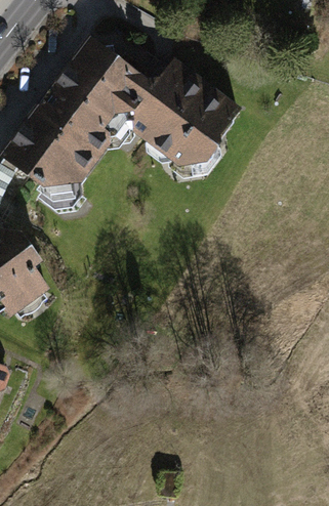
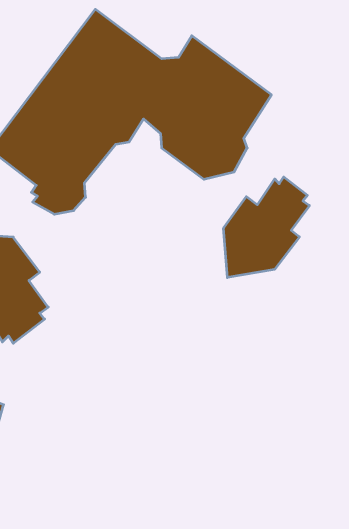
building: none -> [224,177,309,278]

